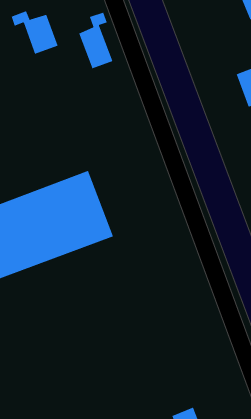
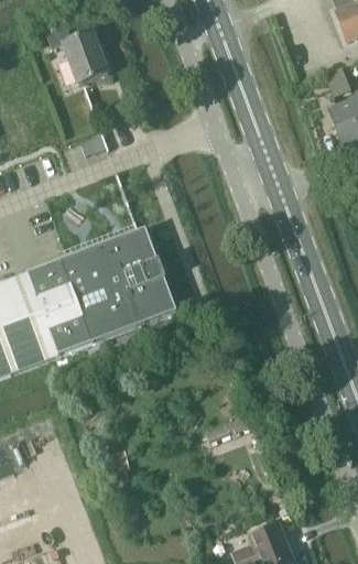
building: [78,12,113,69] -> none

